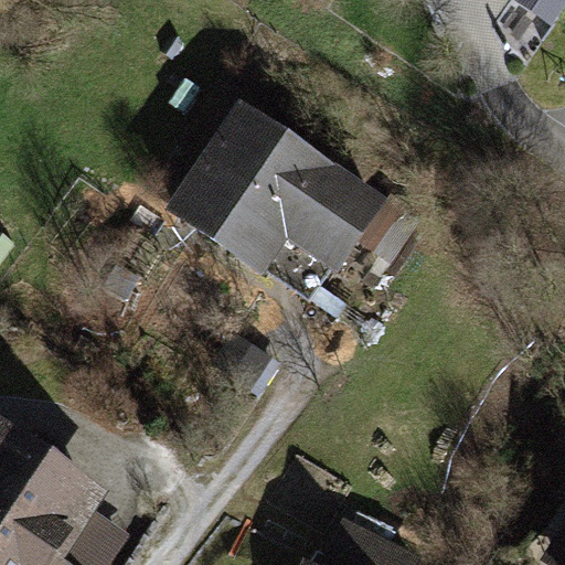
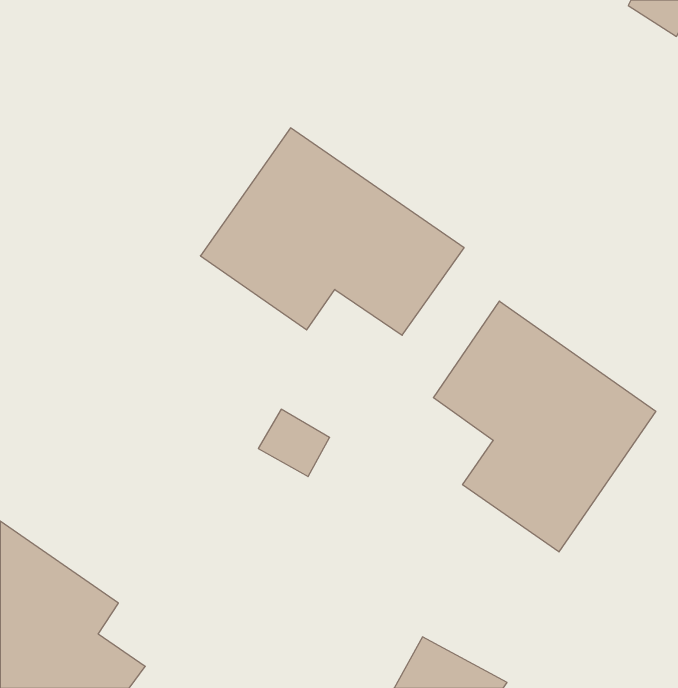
building: none -> [433,301,656,552]

